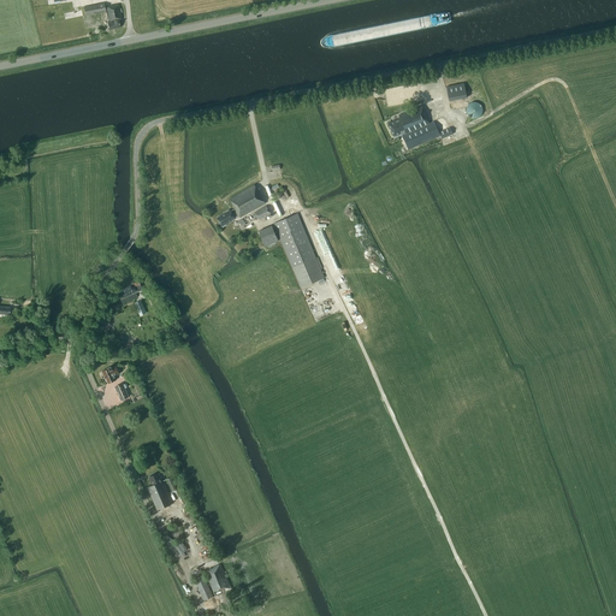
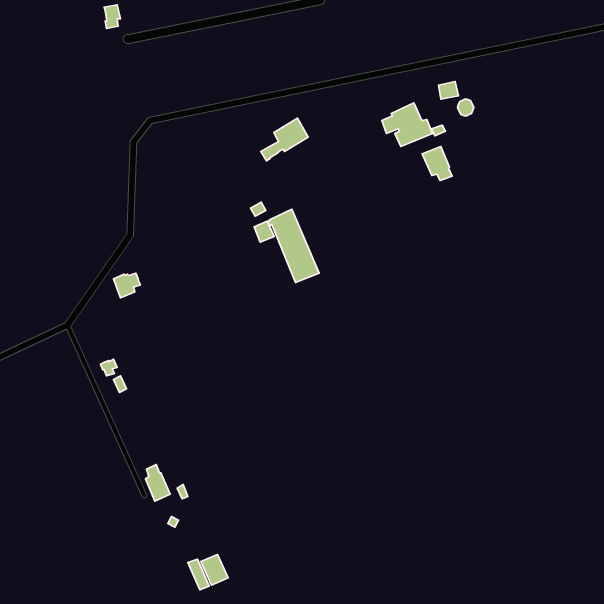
building: none -> [422,146,452,181]
building: [217,184,265,227] -> [261,118,308,161]

